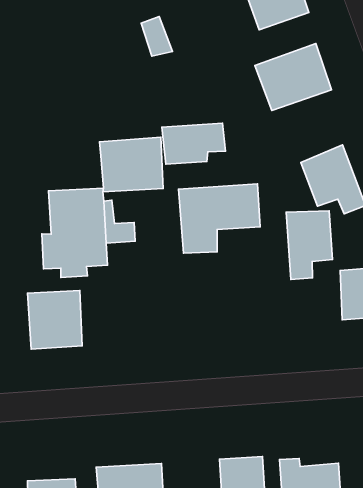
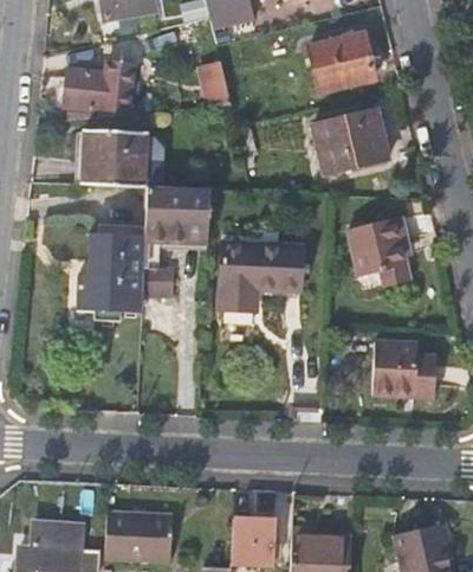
building: none -> [65,59,136,115]
building: none -> [83,130,144,185]
building: [162,123,225,164] -> none
building: [286,211,333,279] -> none
building: [28,291,82,349] -> none

